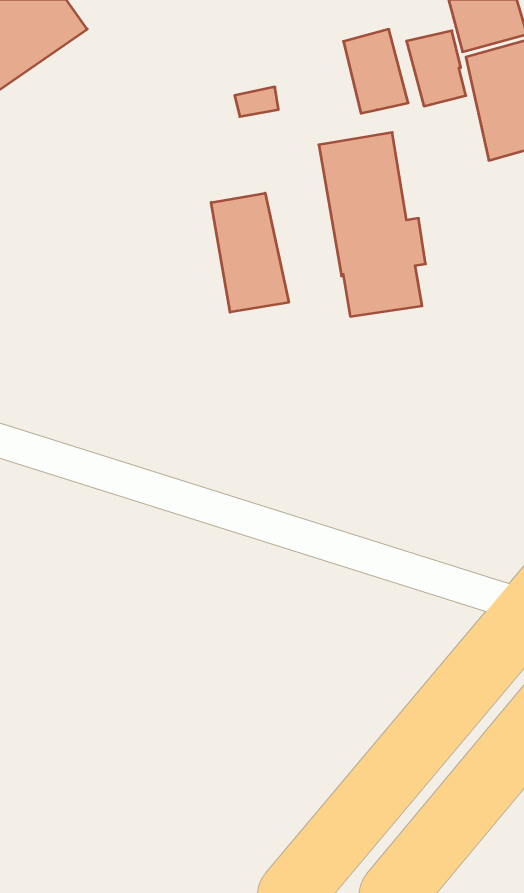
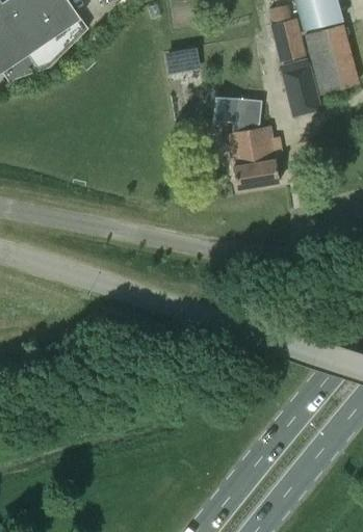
building: [343,29,408,113] -> [283,65,321,115]
building: [211,193,289,312] -> none

